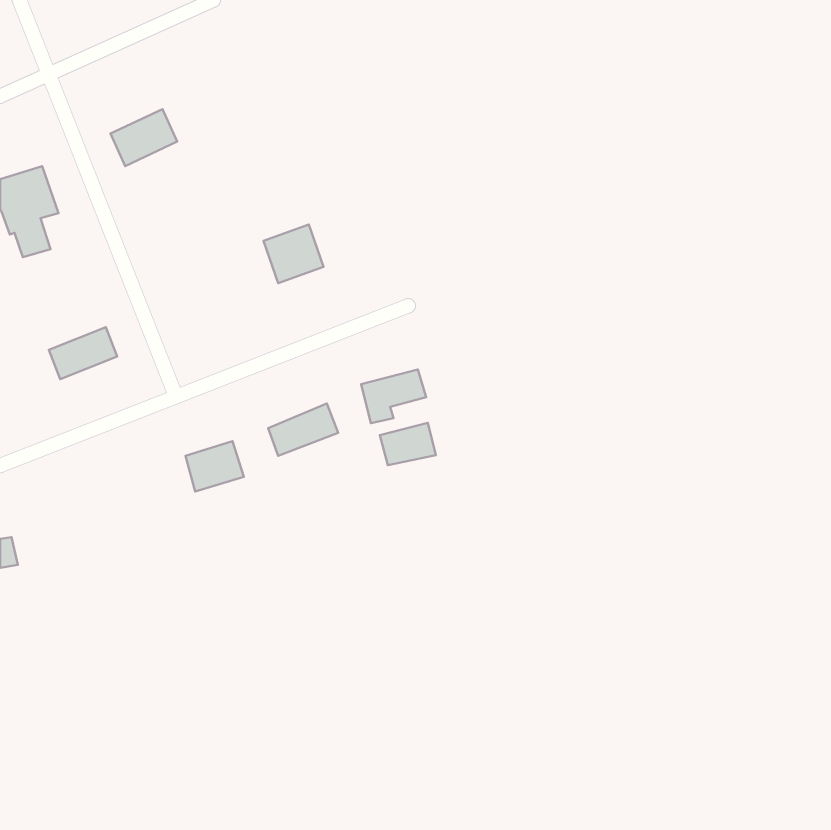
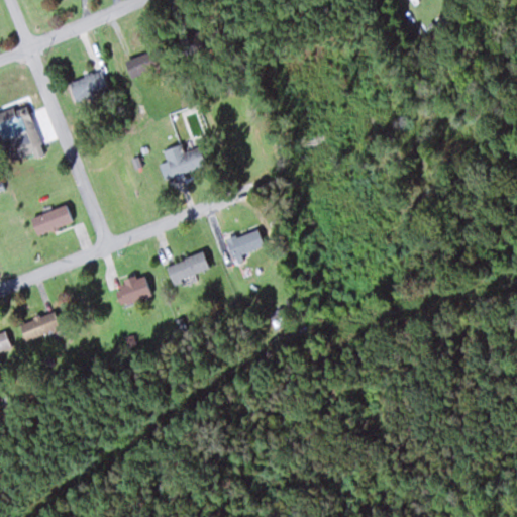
building: none -> [125,51,157,76]
building: [380,423,436,465] -> none
building: none -> [19,311,61,342]

